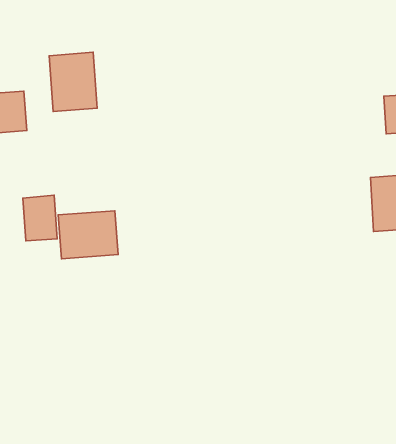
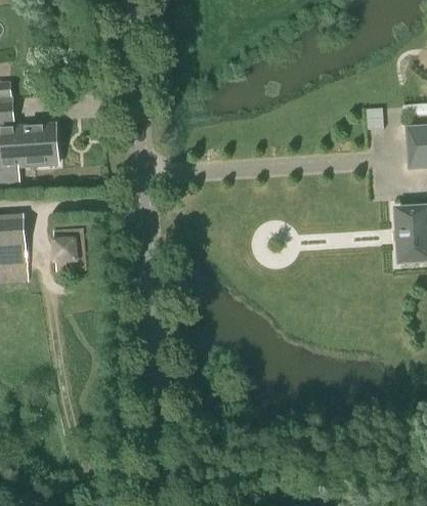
building: [49,52,97,112] -> none
building: [58,211,118,259] -> none

